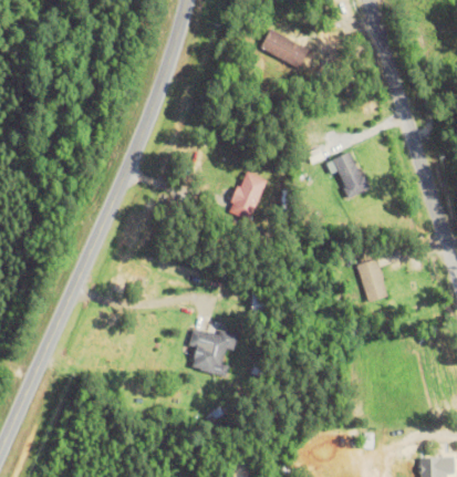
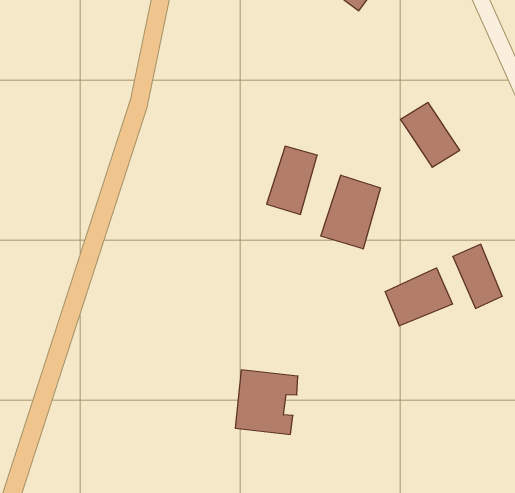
building: none -> [321,175,381,249]
building: none -> [385,268,453,326]

